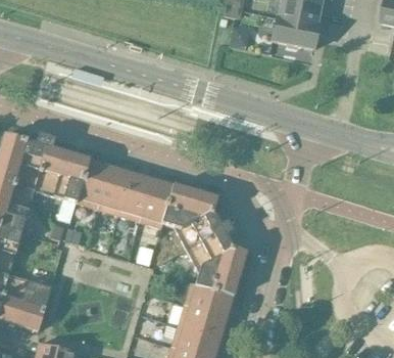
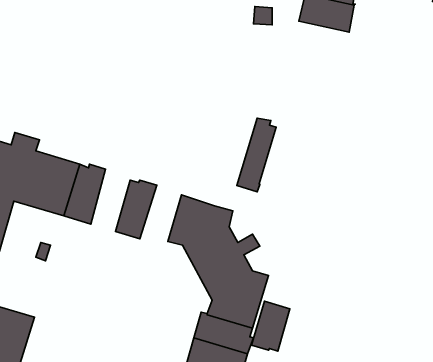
building: none -> [237,118,276,192]
building: [98,162,131,214] -> none
building: [139,175,174,227] -> none
building: none -> [252,301,290,351]

